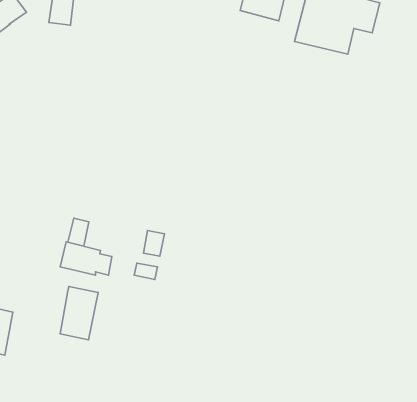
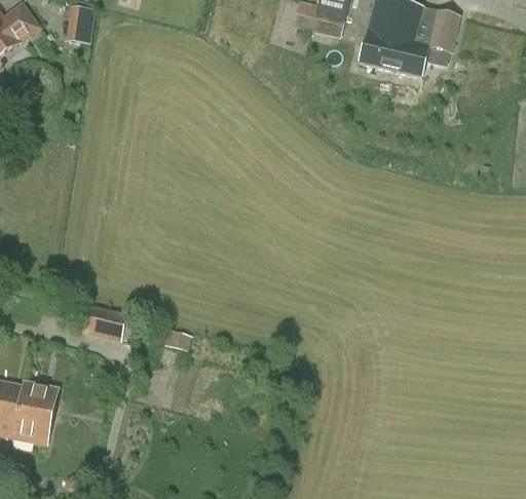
building: [68,218,89,246] -> none
building: [144,230,164,256] -> none
building: [60,287,98,340] -> [12,381,58,445]

